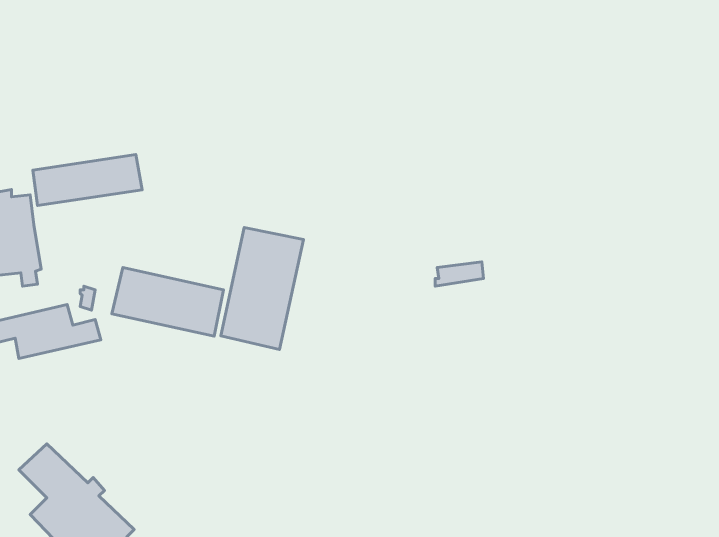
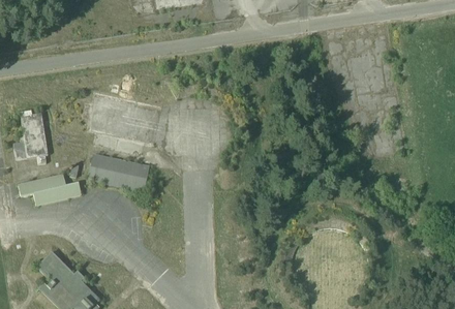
building: [33,155,142,206] -> none
building: [221,228,304,350] -> none

